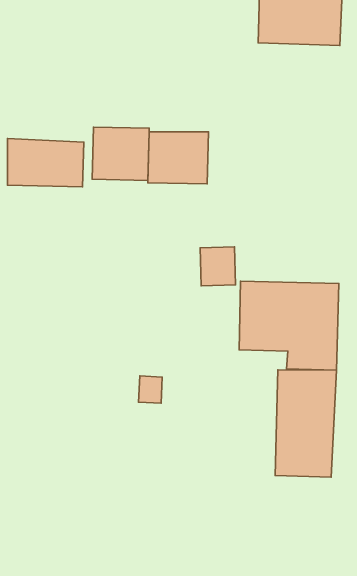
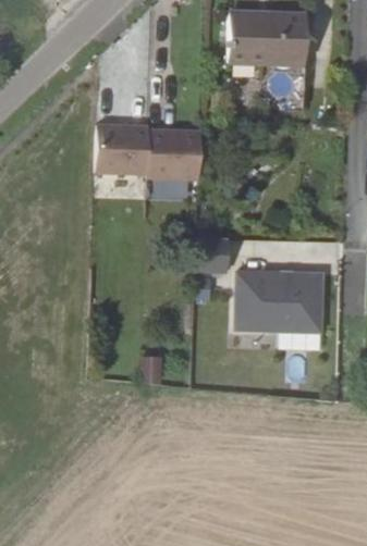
building: [7,138,84,187] -> none
building: [275,370,337,477] -> none

